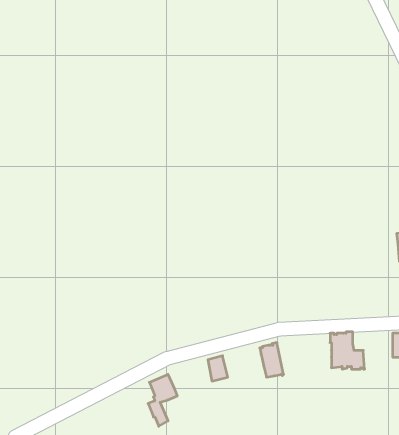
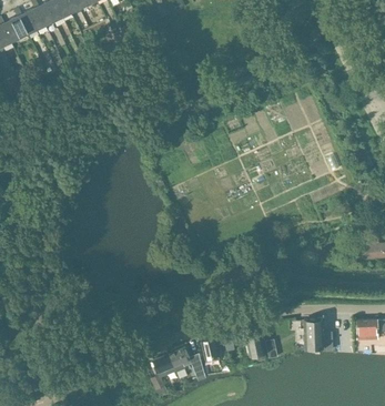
building: none -> [168,347,204,376]

